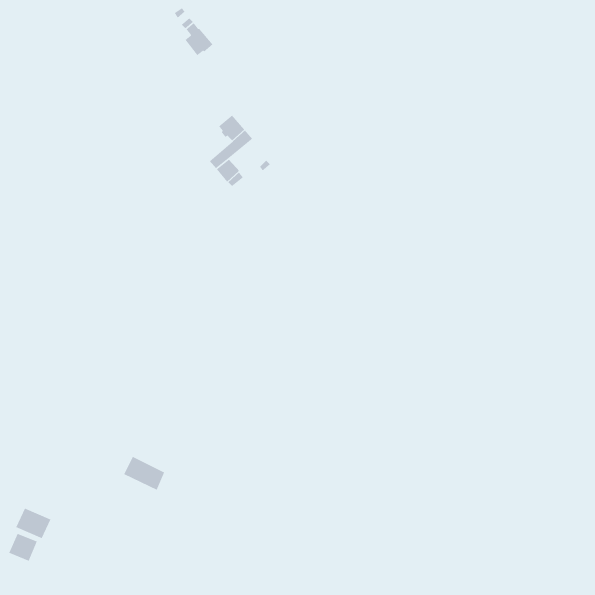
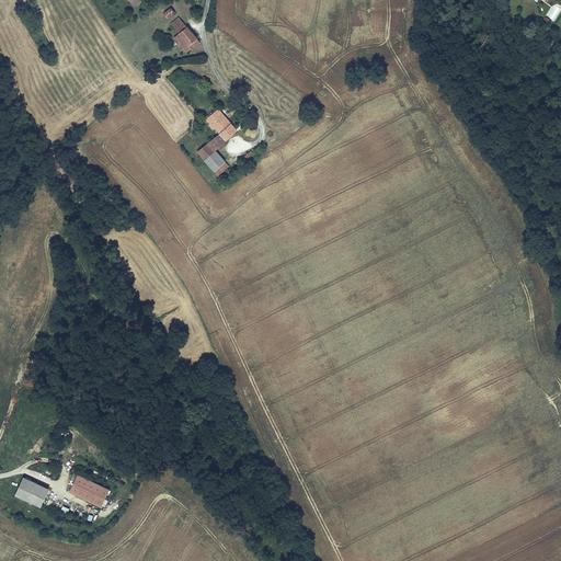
building: [123,456,165,491] -> [69,474,108,507]
building: [8,533,38,562] -> none

